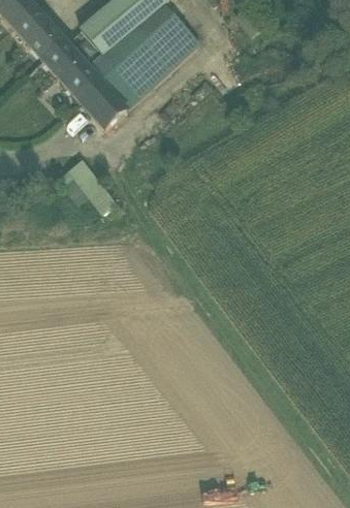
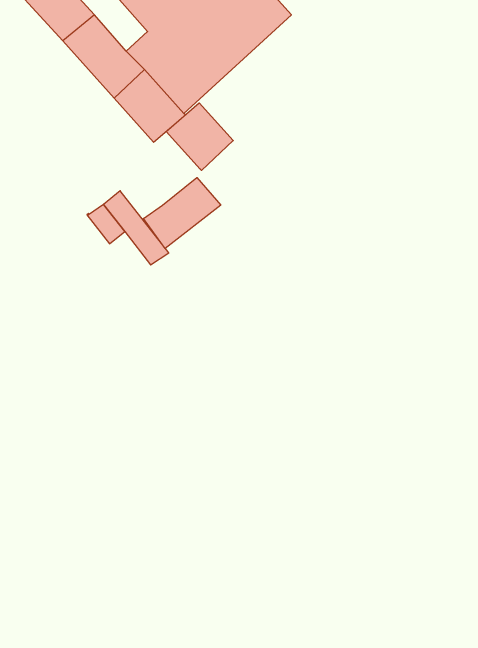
building: none -> [166,103,233,170]
building: none -> [143,178,221,248]

